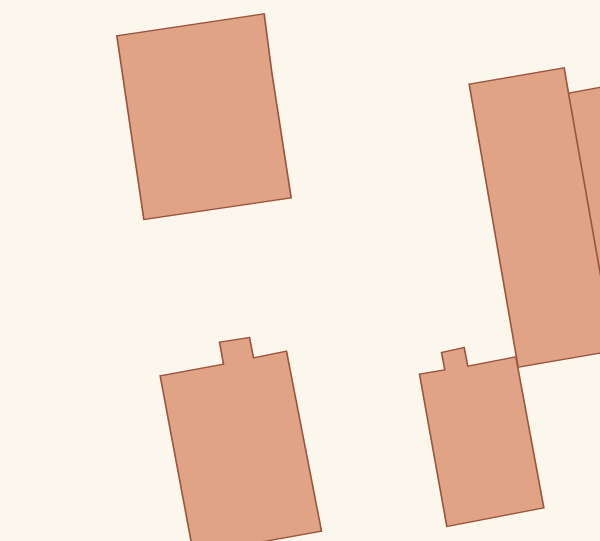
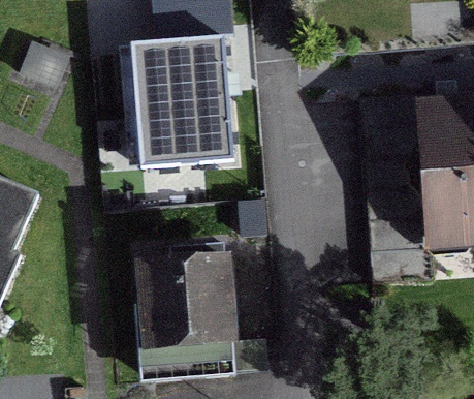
building: [420,348,544,526] -> none

